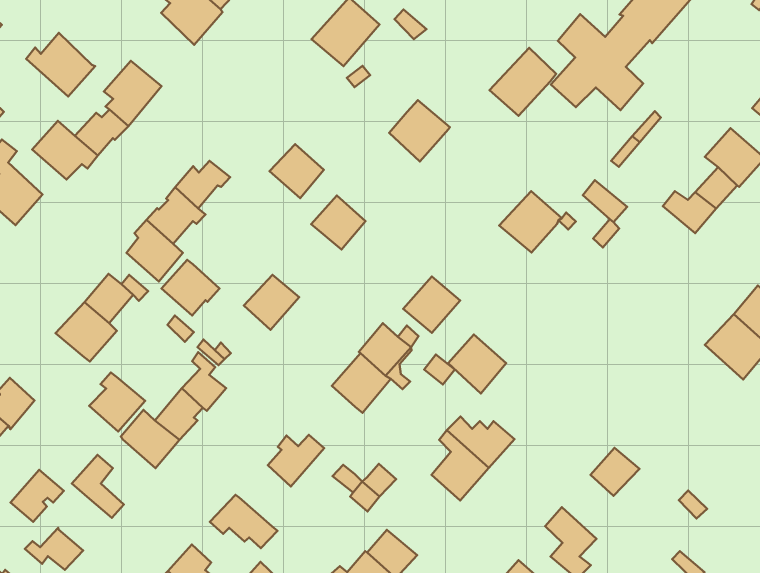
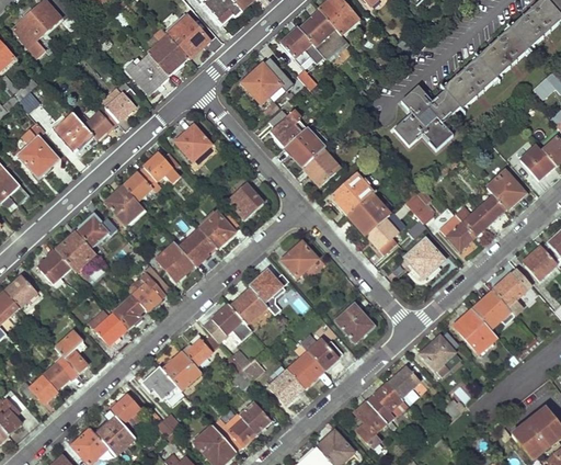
building: [26,33,95,97] -> [125,53,169,94]
building: [490,48,556,116] -> [332,172,376,215]
building: none -> [268,111,298,147]
building: none -> [302,149,340,185]
building: [269,144,324,198] -> [175,125,210,160]
building: none -> [438,214,473,249]
building: none -> [367,218,398,253]
building: none -> [199,213,234,249]
building: none -> [404,238,446,282]
building: [161,260,220,316] -> [157,243,194,280]
building: [448,334,506,393] -> [335,304,373,342]
building: none -> [456,307,496,353]
building: [89,373,145,432] -> [36,247,72,285]
building: none -> [211,304,242,334]
building: none -> [421,336,460,375]
building: none -> [161,351,201,390]
building: [10,470,64,522] -> [43,358,78,390]
building: none -> [367,382,402,423]
building: none -> [268,370,302,405]

